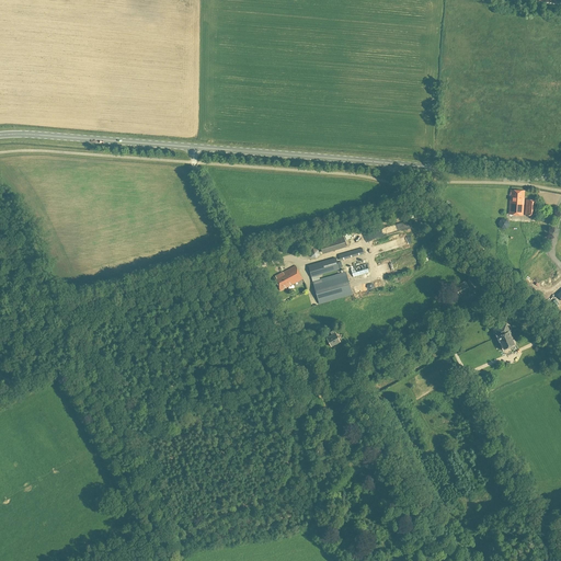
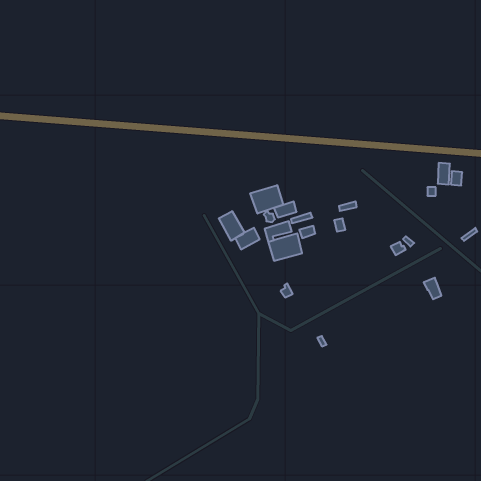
building: none -> [250,185,283,214]
building: none -> [219,211,244,241]

